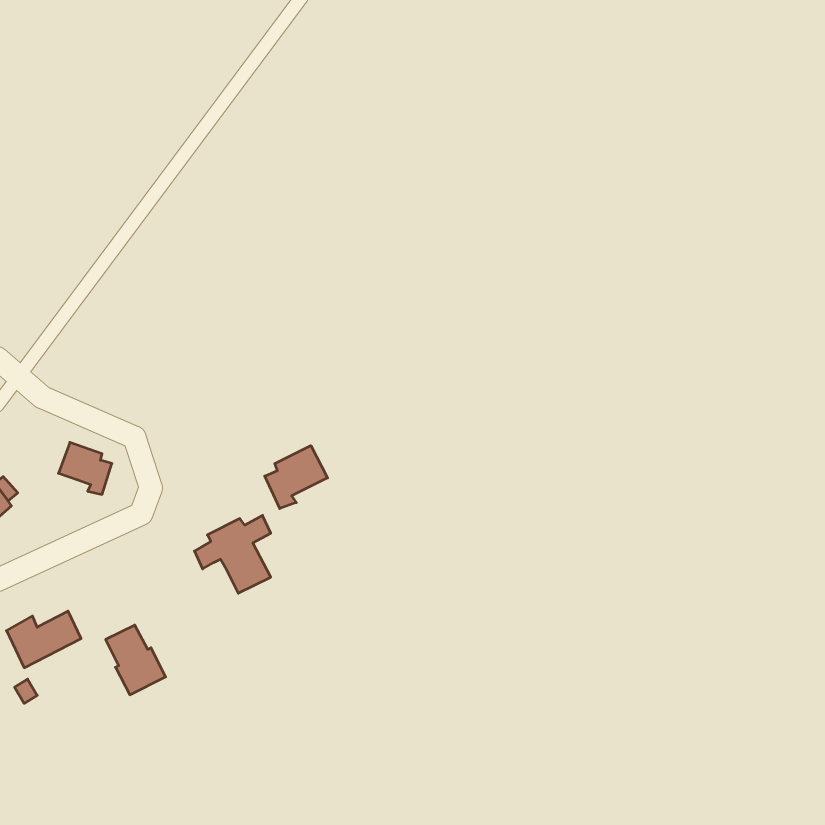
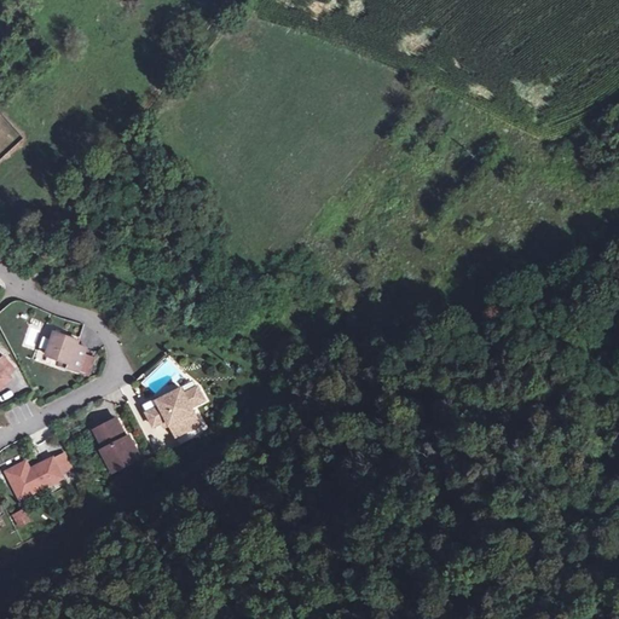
building: [265,446,328,509] -> none
building: [106,625,166,695] -> [93,417,138,469]

